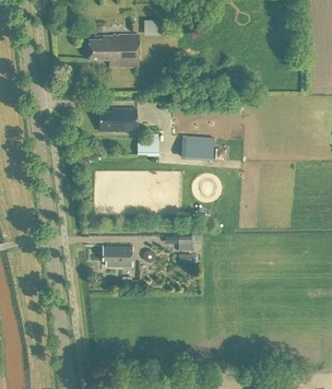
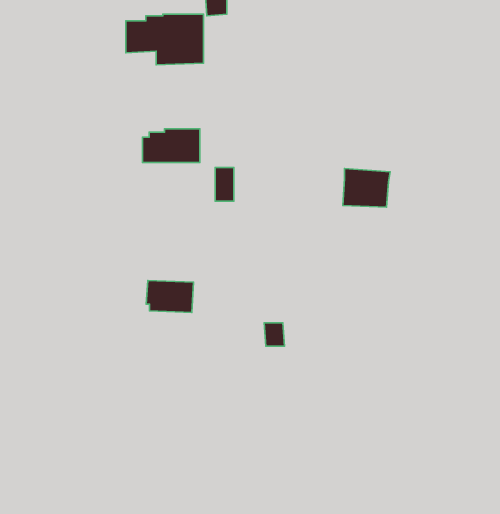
building: [183,135,214,161] -> [343,168,390,207]
building: [103,245,133,266] -> [146,281,193,313]

